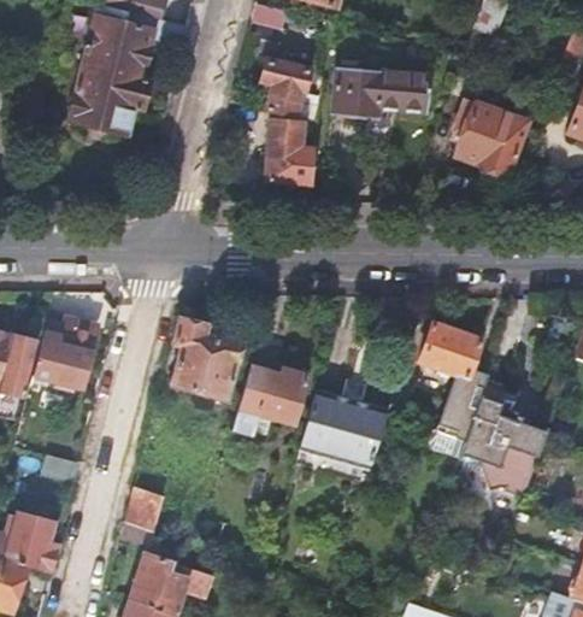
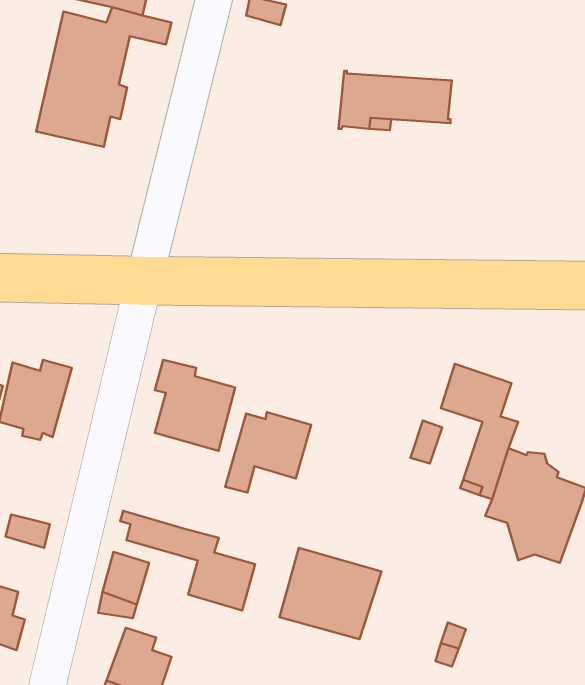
building: [263,65,310,122] -> none
building: [458,106,530,188] -> none
building: [264,125,318,194] -> none
building: [301,388,390,468] -> [279,548,382,639]
building: none -> [120,511,255,611]

